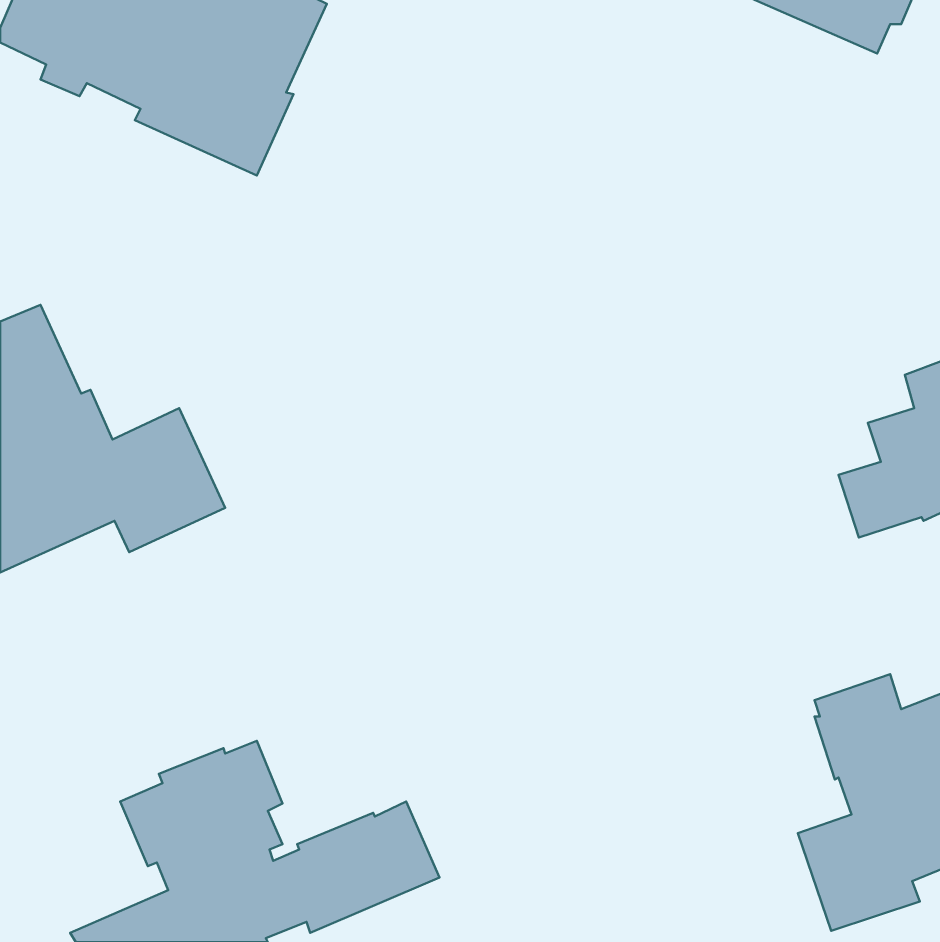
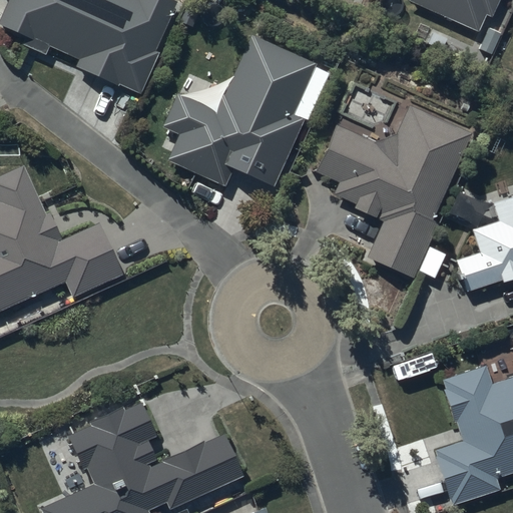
building: none -> [161,35,316,185]
building: none -> [317,103,475,278]

